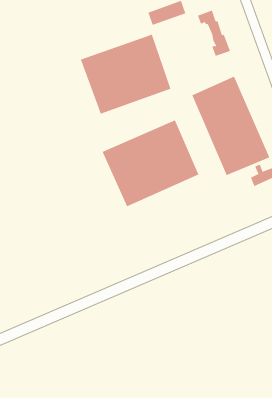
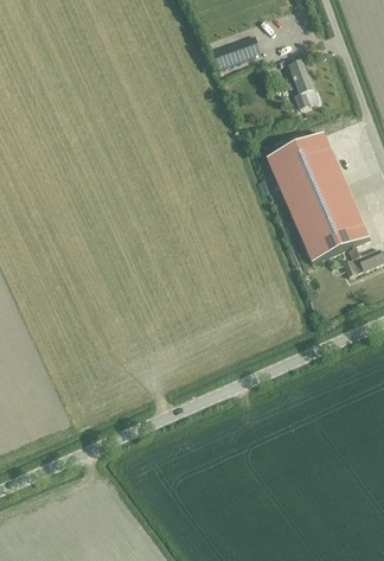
building: [80,34,171,115] -> none
building: [102,119,199,207] -> none

